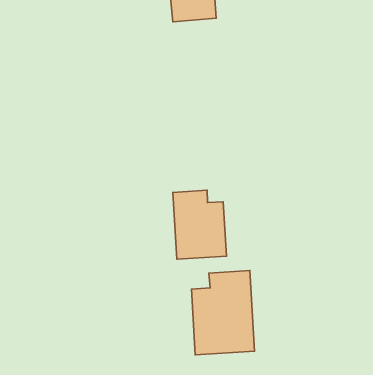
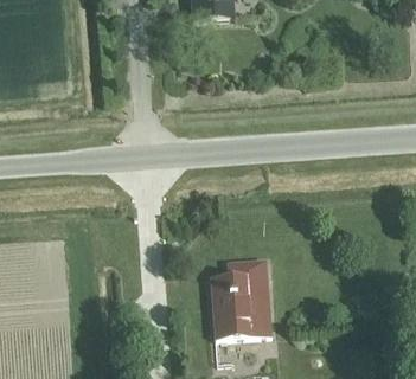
building: [173,190,227,259] -> none

